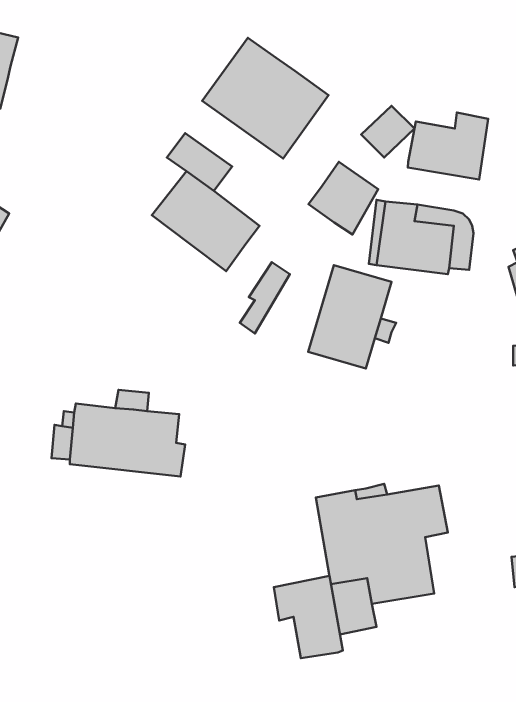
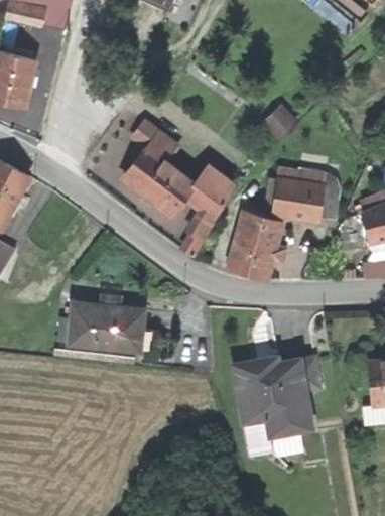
building: [202,38,329,158] -> none
building: [408,112,488,180] -> none
building: [308,162,378,235] -> [186,168,233,217]
building: [274,576,343,658] -> none

